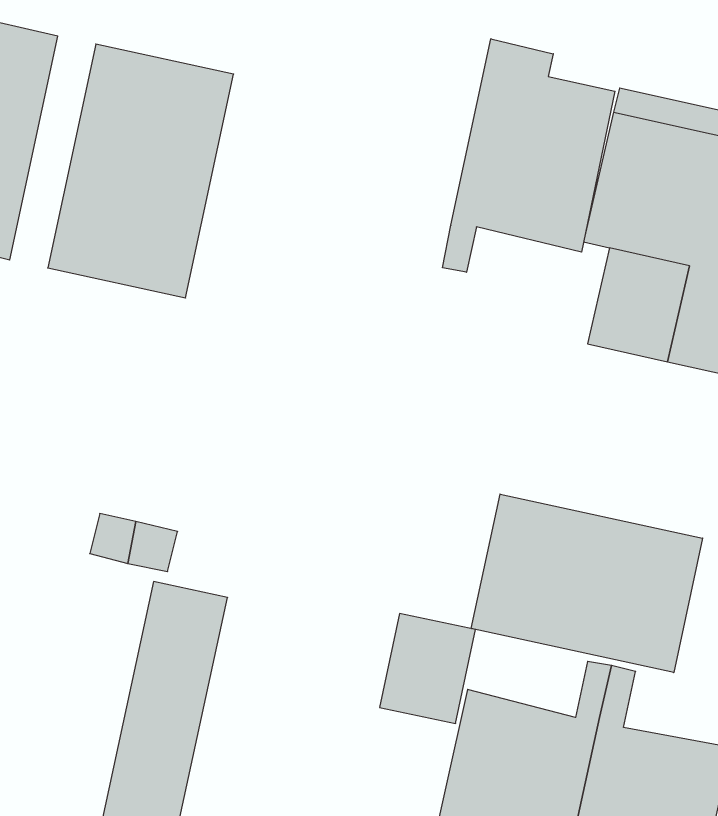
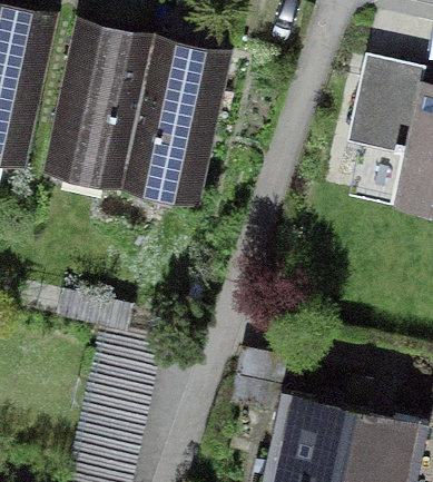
building: [443,39,615,272] -> none
building: none -> [125,47,227,188]
building: [471,494,703,673] -> none

